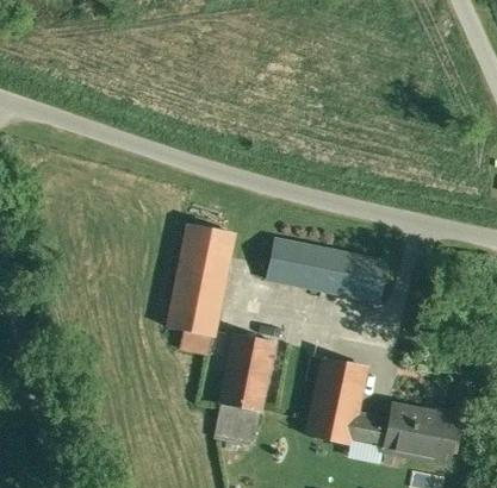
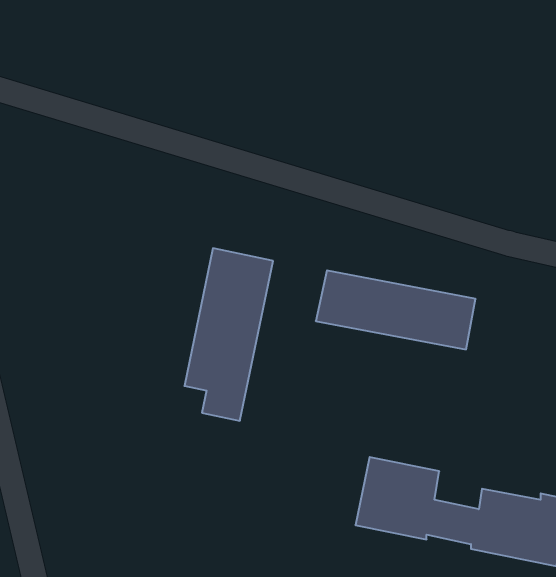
building: [215,333,274,444] -> none
building: [307,356,365,392] -> none

